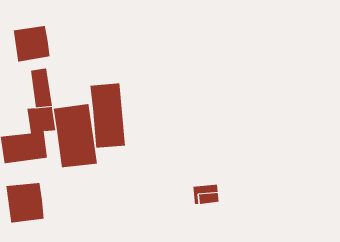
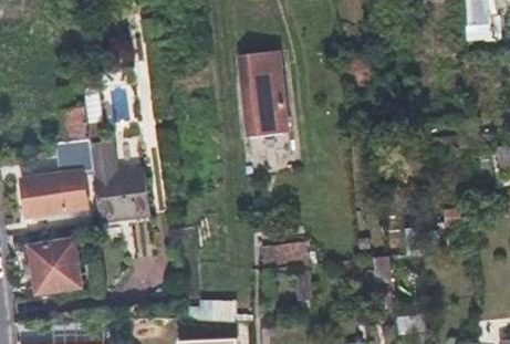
building: [13,25,50,63] -> none
building: [90,83,126,148] -> [238,52,285,137]

